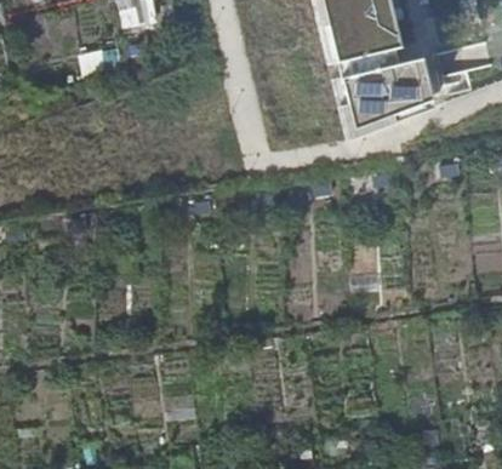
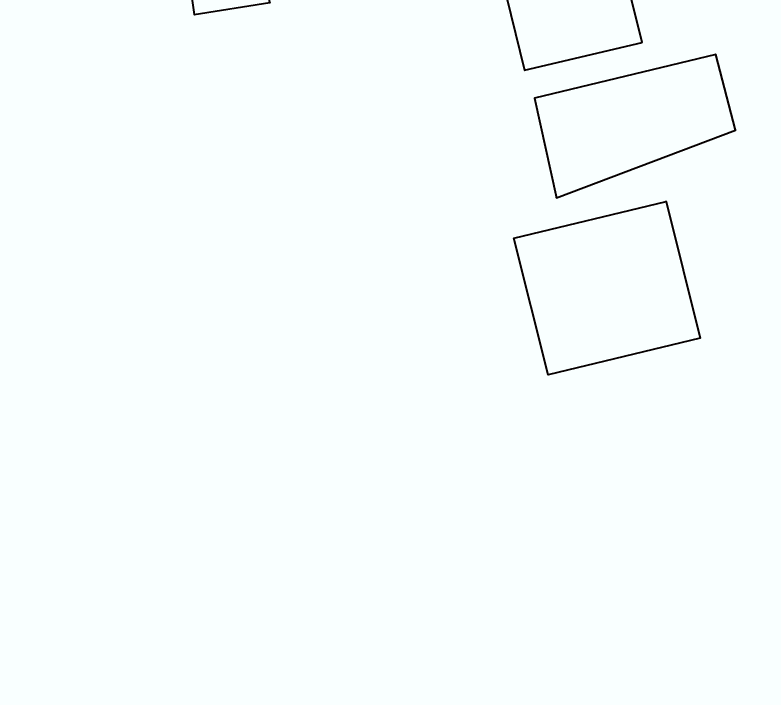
building: none -> [514,201,700,375]

